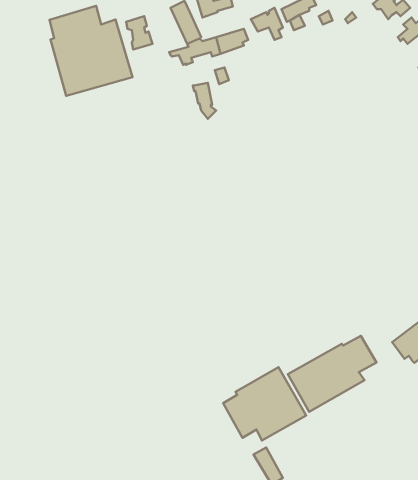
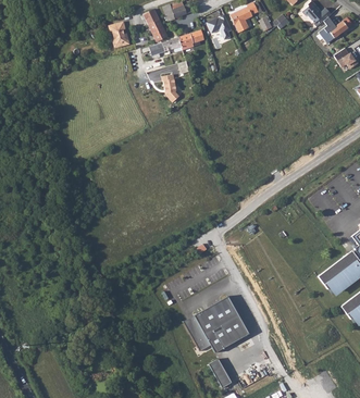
building: [49,6,132,96] -> none
building: [288,336,377,412] -> none

